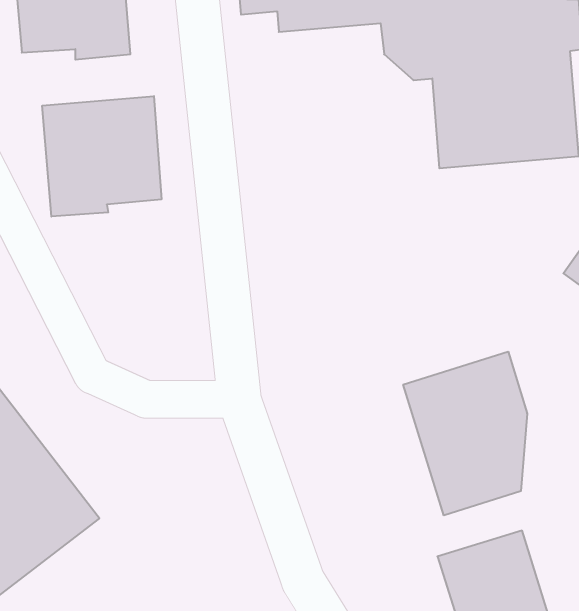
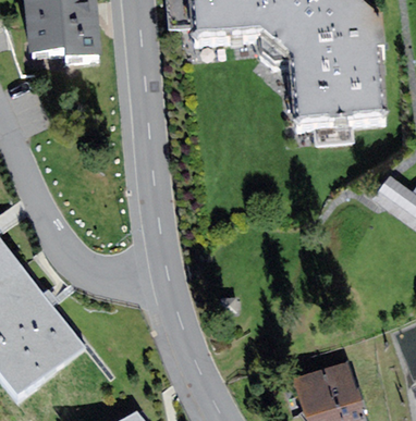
building: [42,96,161,217] -> none
building: [403,352,527,515] -> none

